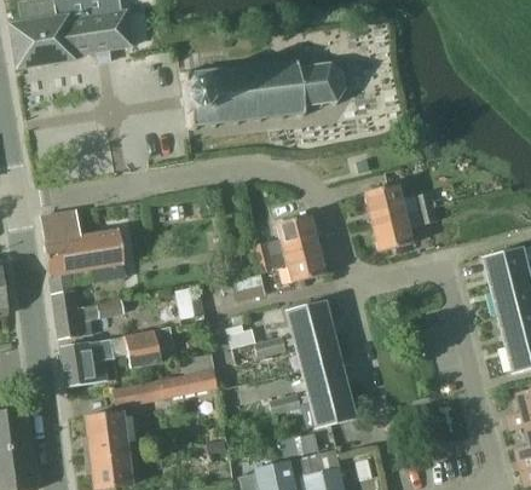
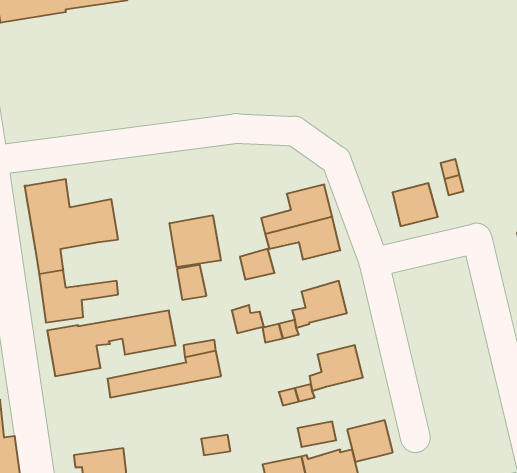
building: [184,56,348,128] -> none
building: [364,183,404,221] -> none
building: none -> [170,215,221,267]
building: [296,330,337,368] -> none
building: [311,388,352,426] -> [347,420,393,462]
building: [80,409,128,459] -> none

